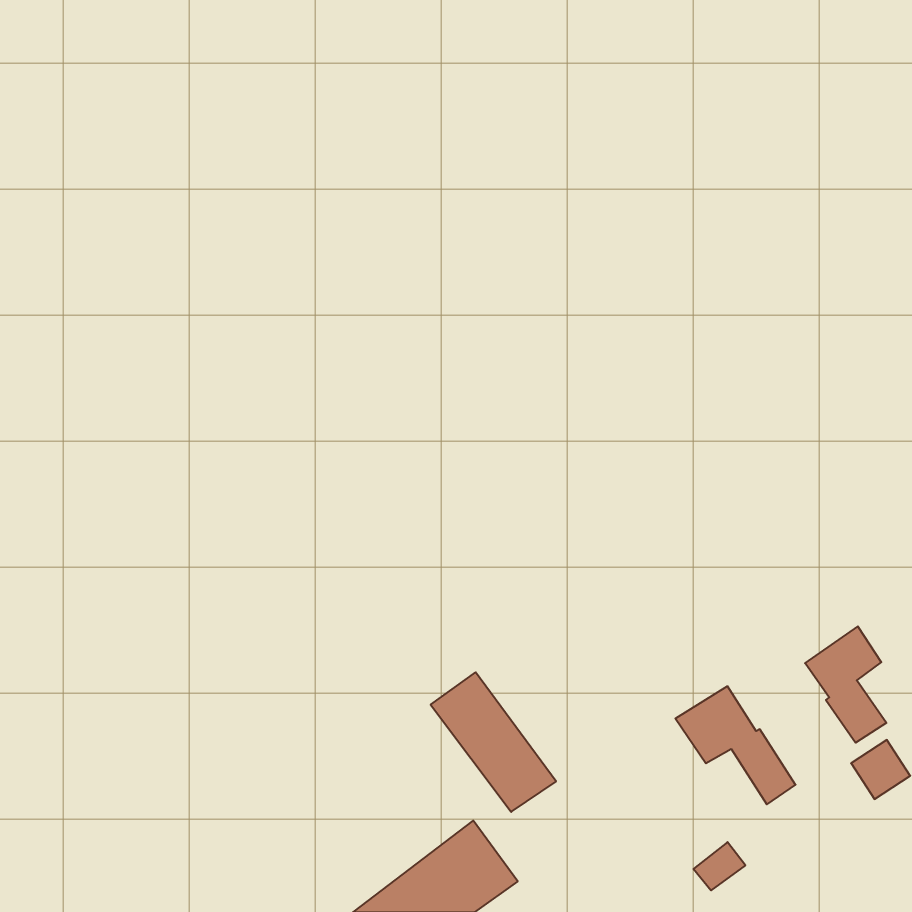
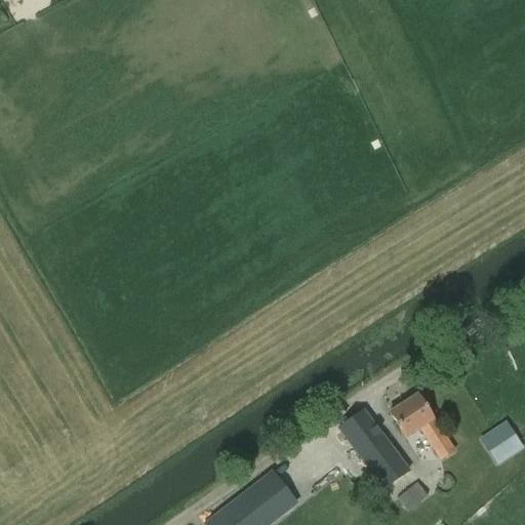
building: [805,626,886,743] -> none
building: [431,672,556,812] -> [338,408,410,488]

